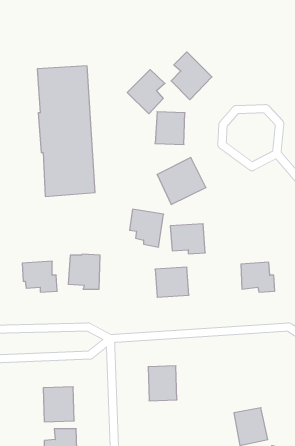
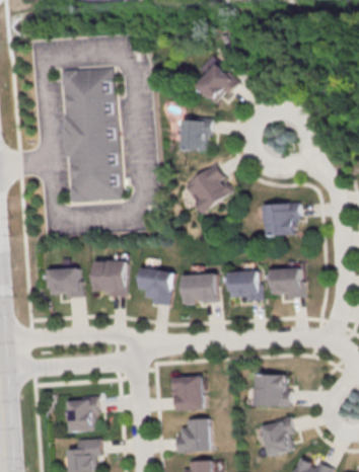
building: [127,70,165,114] -> none
building: none -> [264,203,299,235]
building: [130,209,164,247] -> [138,268,172,307]
building: [170,224,205,254] -> [226,271,262,302]
building: none -> [255,374,289,406]
building: none -> [175,417,210,452]

